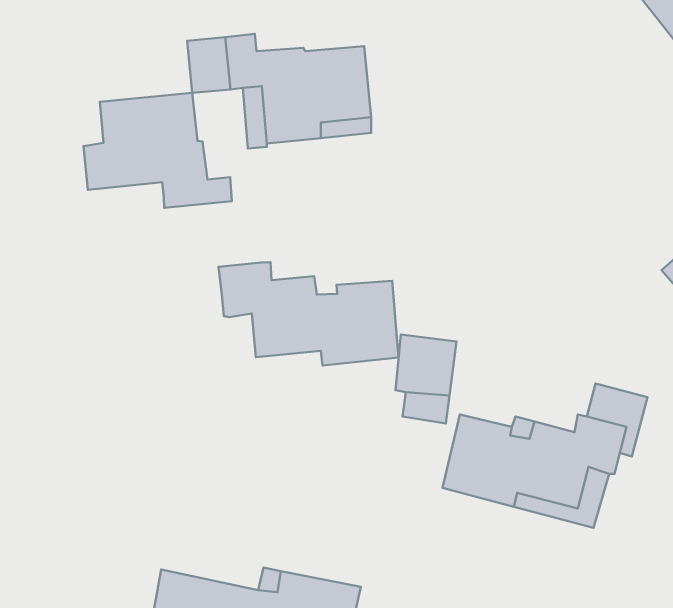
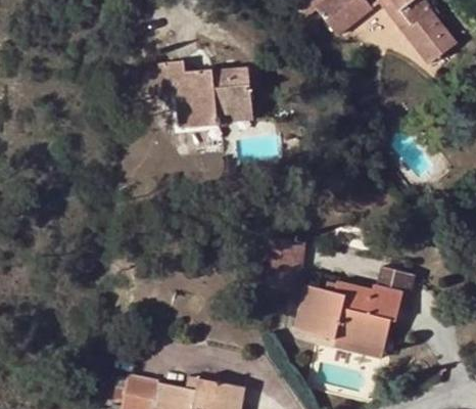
building: [84,93,232,208] -> none
building: [219,262,399,366] -> none

